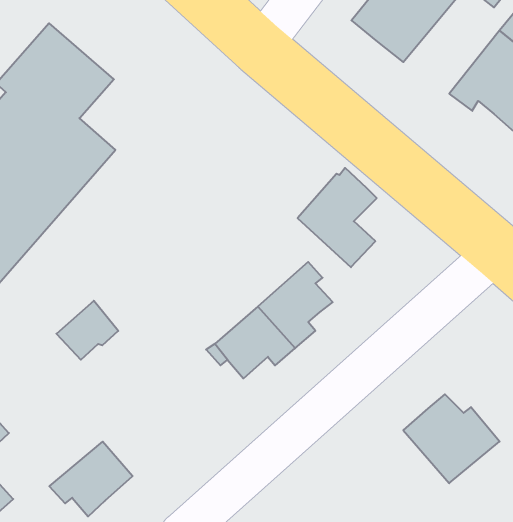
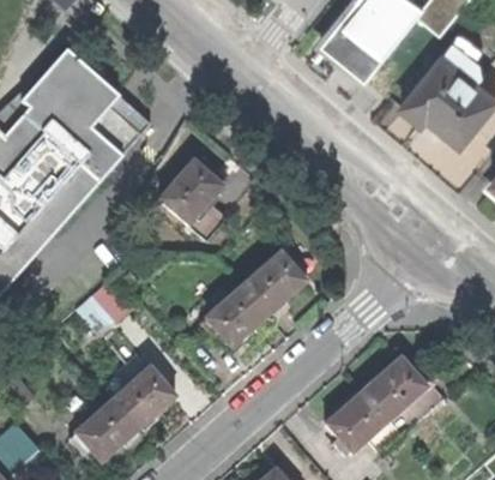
building: none -> [93,97,152,156]
building: [298,168,377,267] -> [158,156,224,239]
building: none -> [107,360,174,428]
building: none -> [325,390,402,456]

